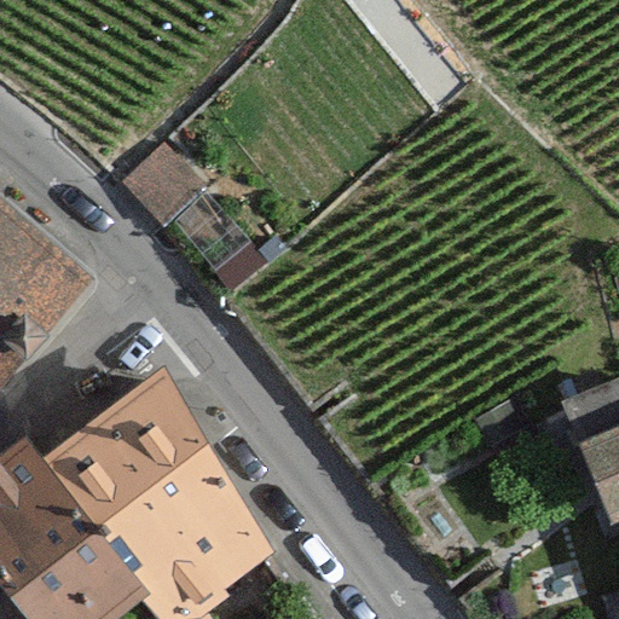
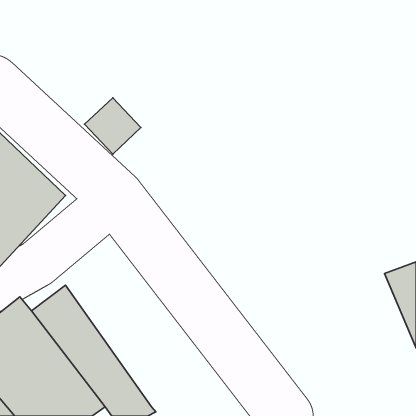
building: [96,369,272,594] -> none

